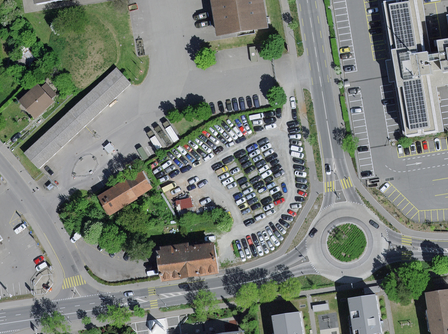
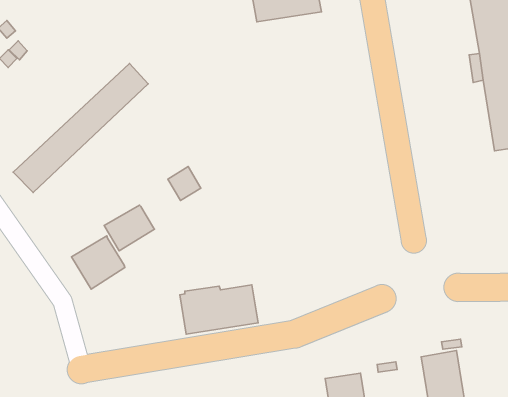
building: [18,83,53,118] -> none
building: [125,170,151,197] -> [168,167,201,201]
building: none -> [72,236,125,289]

